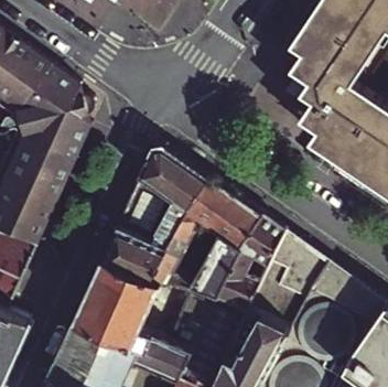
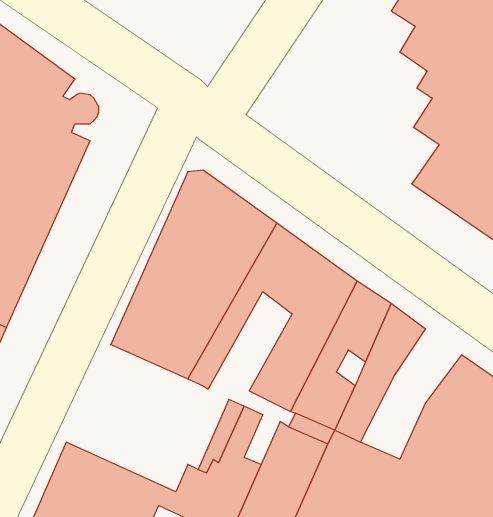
building: [265,250,330,334] -> none
building: [75,260,163,355] -> none

